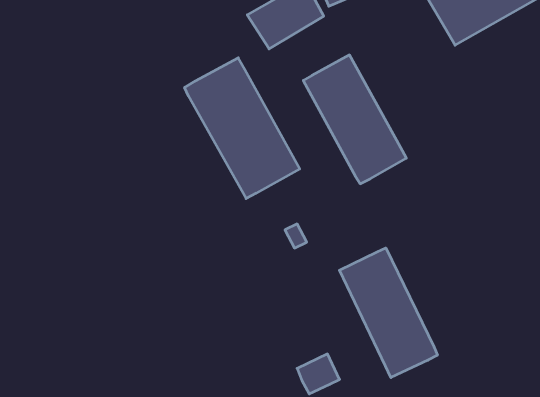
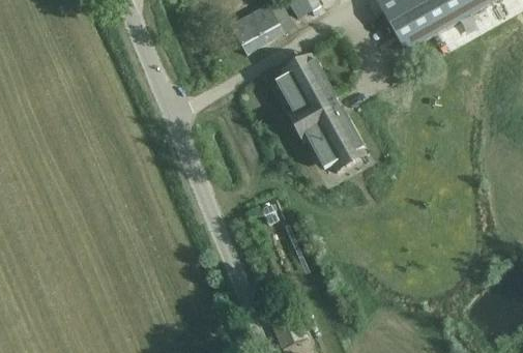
building: [185,58,300,199] -> none
building: [339,248,437,378] -> none

